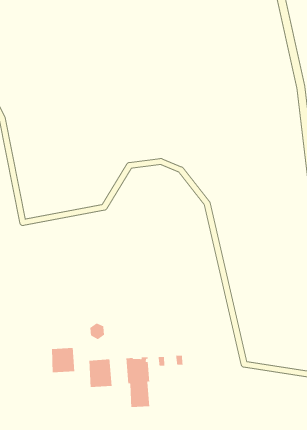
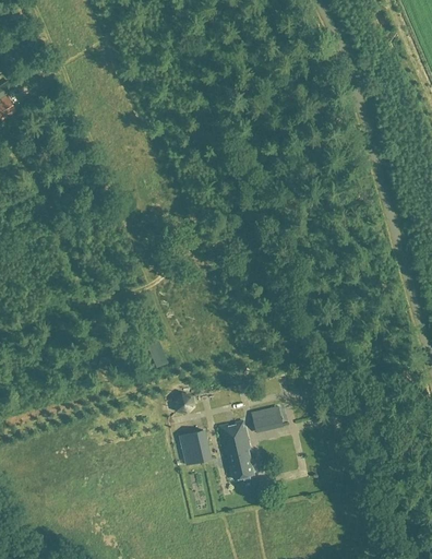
building: [51,347,75,373] -> none

